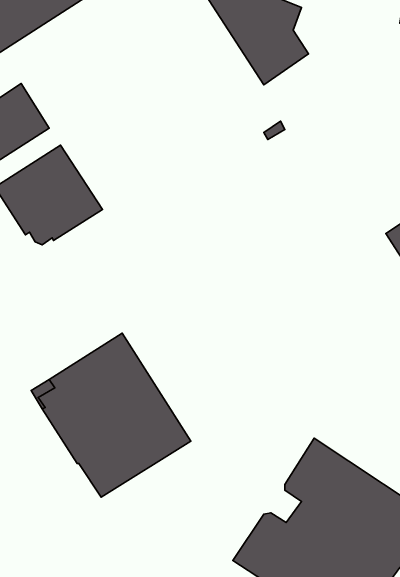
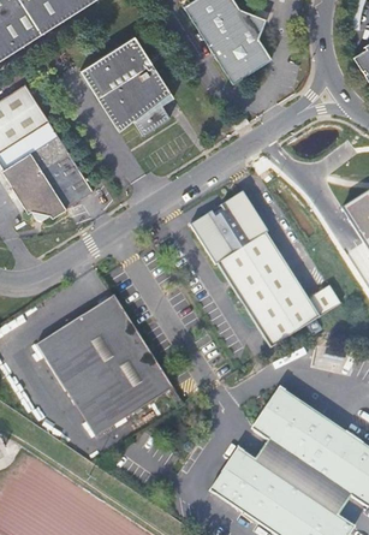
building: none -> [81,35,175,133]
building: none -> [189,192,339,349]

